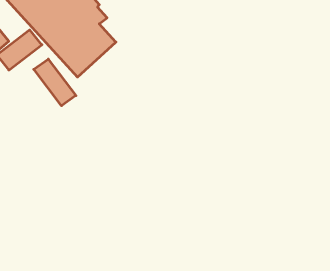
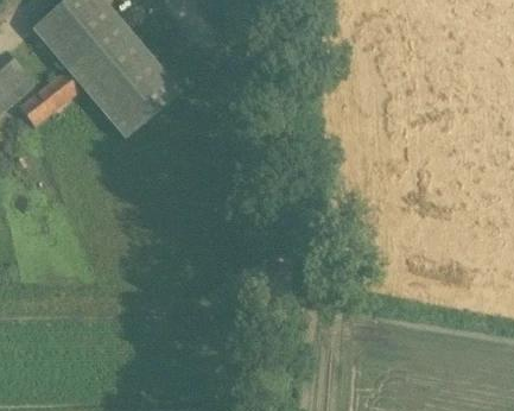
building: [34,59,76,106] -> none

